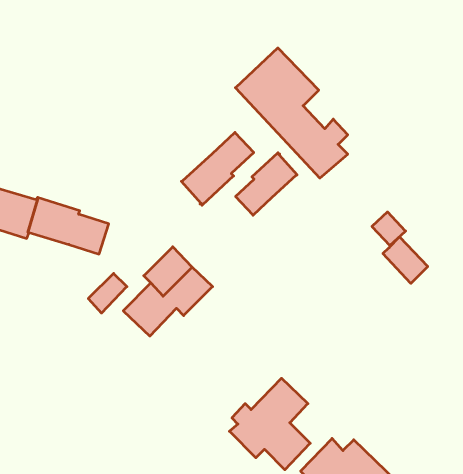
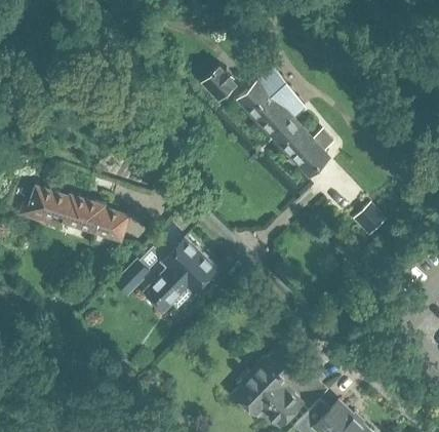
building: none -> [203,64,241,102]
building: [181,132,254,205] -> none
building: [236,153,297,215] -> none
building: [383,237,428,283] -> none

